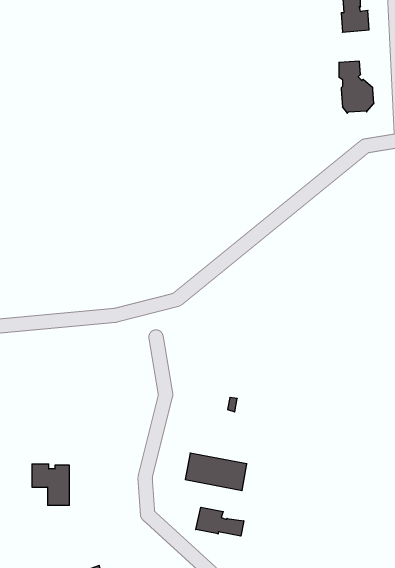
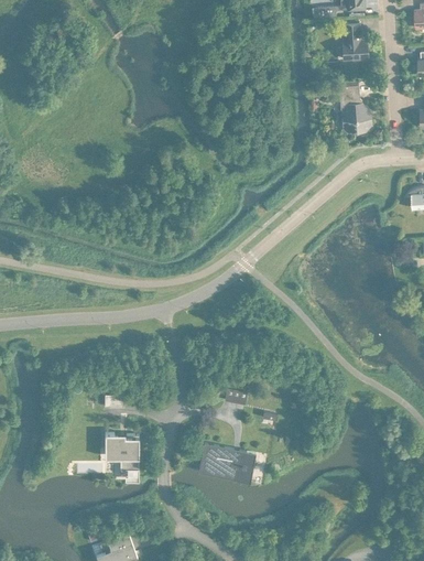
building: [32,464,69,505] -> [106,432,140,470]
building: [196,507,244,536] -> none

